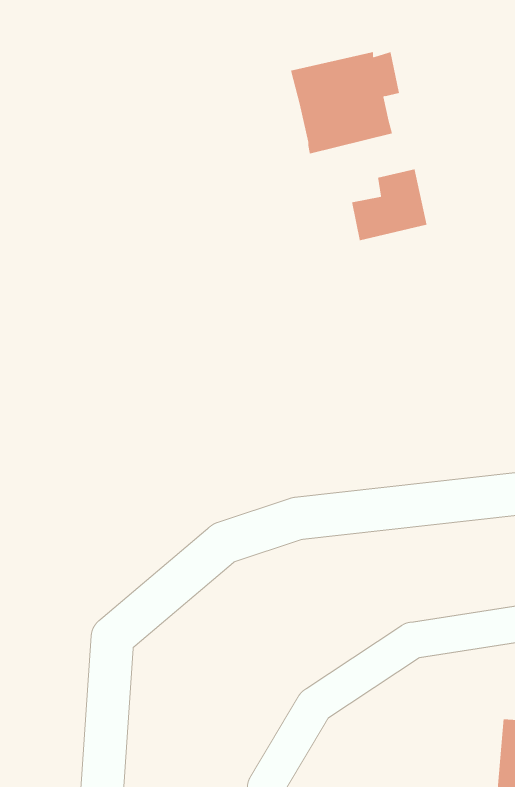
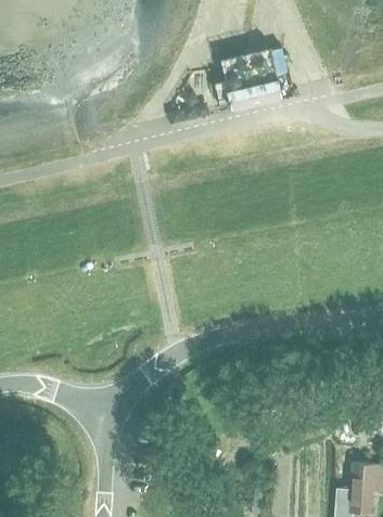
building: [351,169,427,241] -> none

